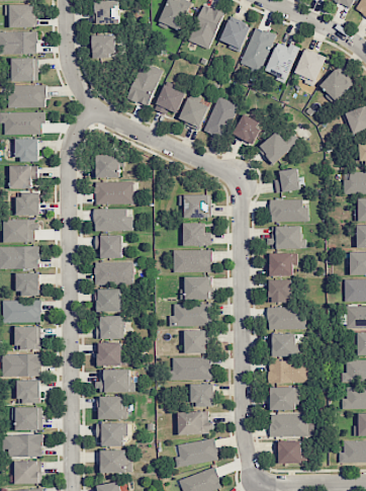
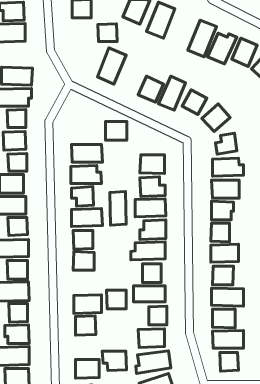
building: [221,19,250,52] -> none
building: [92,34,116,57] -> [98,24,117,42]
building: [12,58,38,81] -> none
building: [155,84,185,113] -> none
building: [95,154,121,177] -> [106,122,127,140]
building: none -> [110,192,126,225]
building: [98,342,122,365] -> [106,290,126,309]
building: [96,422,126,446] -> [102,351,127,370]

